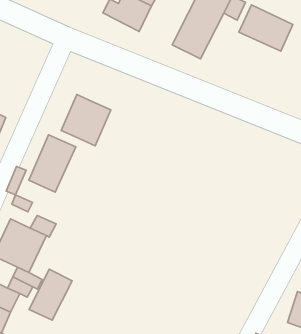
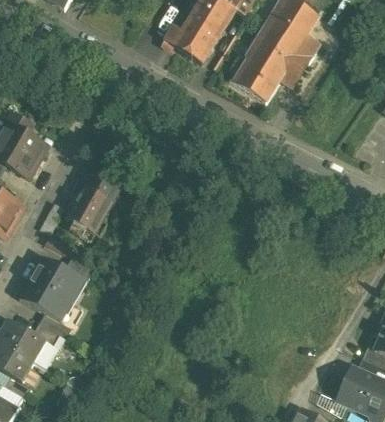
building: [239,5,293,51] -> none
building: [61,95,111,146] -> none
building: [29,269,72,320] -> none

